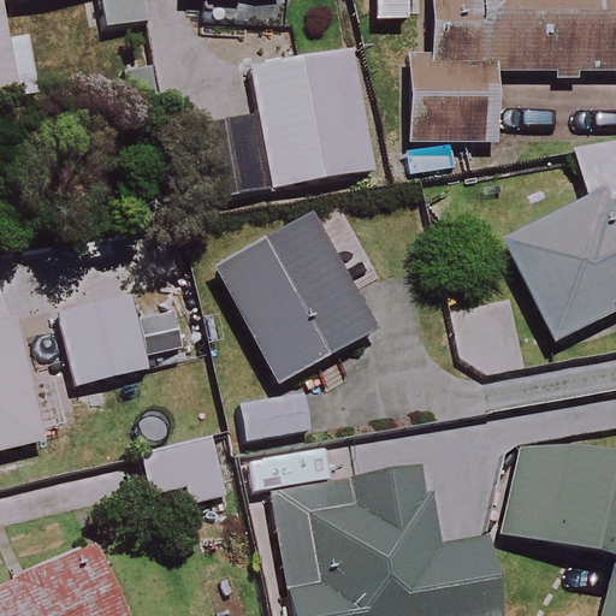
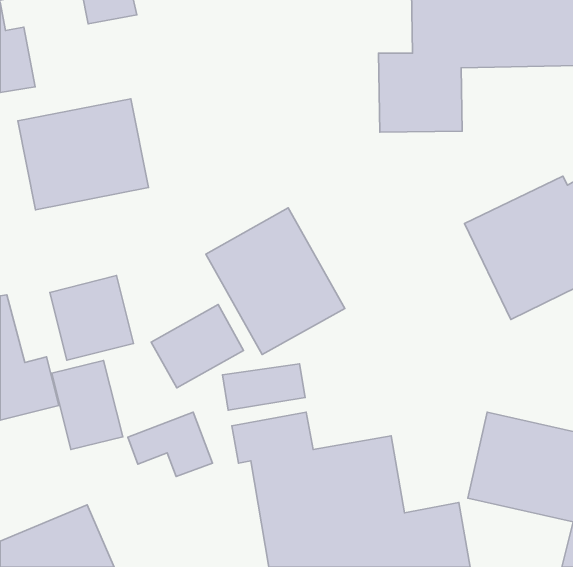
building: [183,45,373,200] -> none
building: none -> [18,99,148,210]
building: none -> [151,305,244,388]
building: none -> [52,361,123,449]

